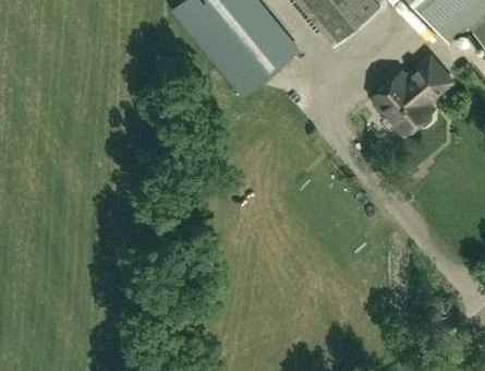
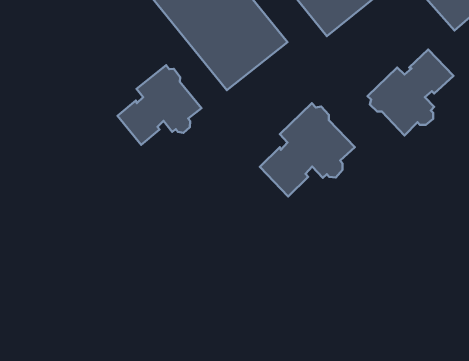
building: none -> [118,65,201,145]
building: none -> [260,103,355,196]

